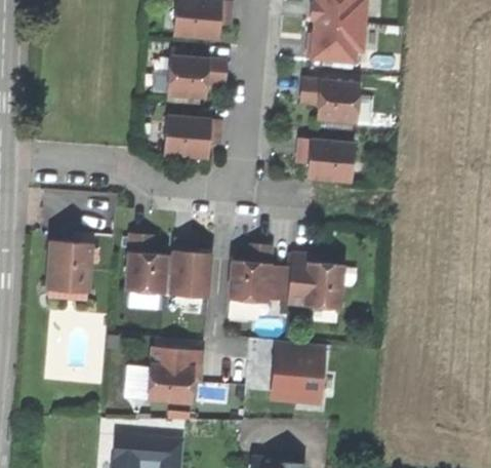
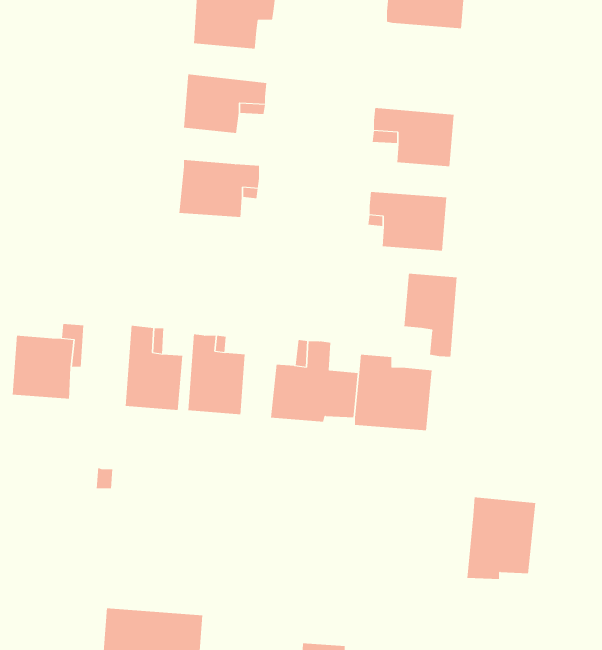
building: [308,20,364,62] -> none
building: none -> [404,273,457,357]
building: [274,341,323,399] -> [467,497,536,580]
building: [148,347,203,402] -> none

